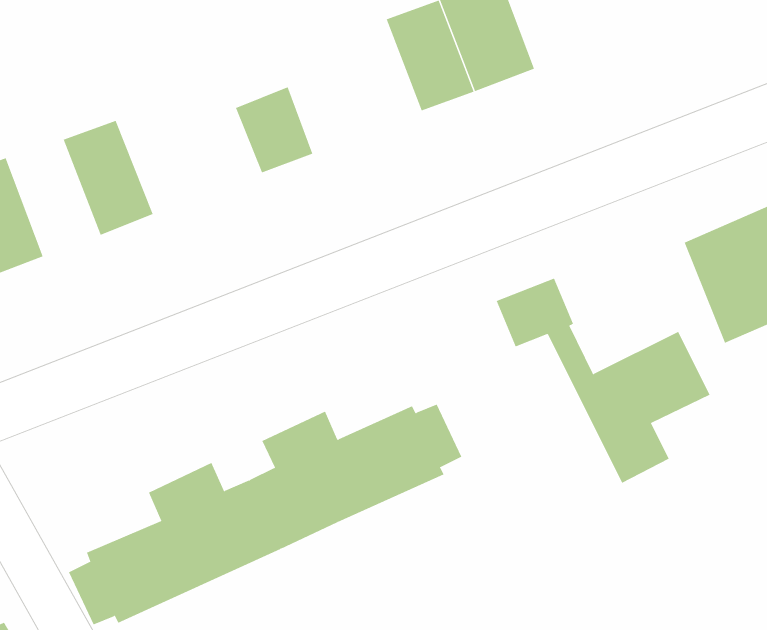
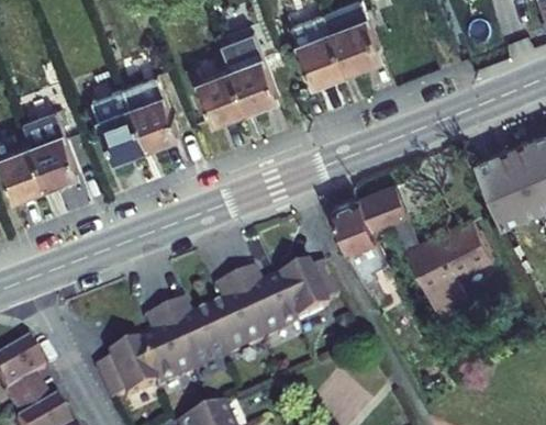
building: none -> [223,37,280,108]
building: none -> [125,74,180,145]
building: none -> [332,199,388,282]

